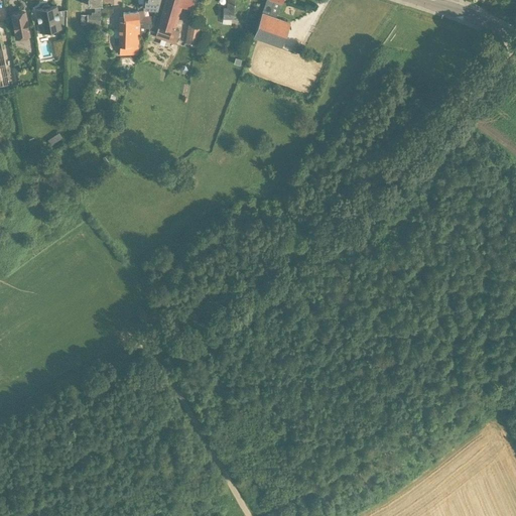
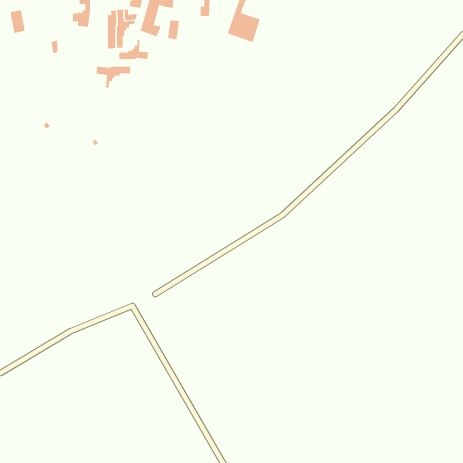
building: [36,5,68,32] -> none
building: none -> [119,38,149,60]
building: none -> [96,66,131,89]

